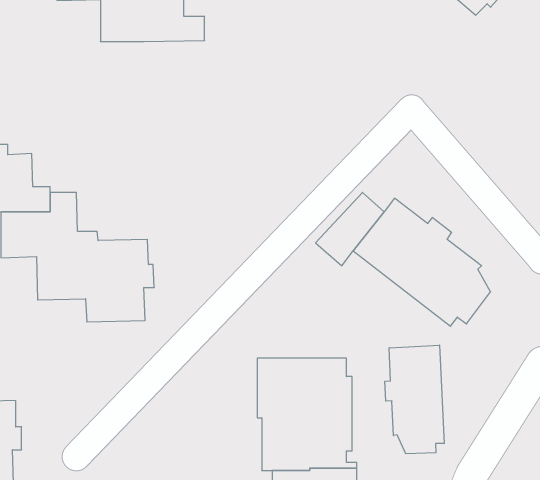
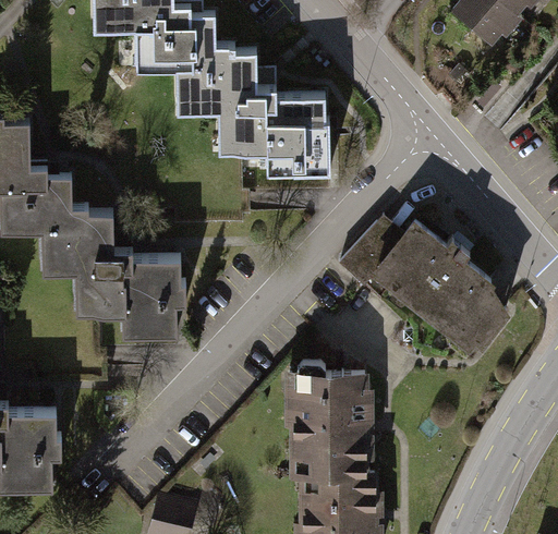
building: none -> [177,52,330,174]
building: [385,345,444,454] -> none

